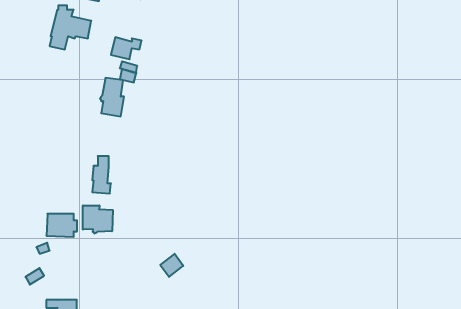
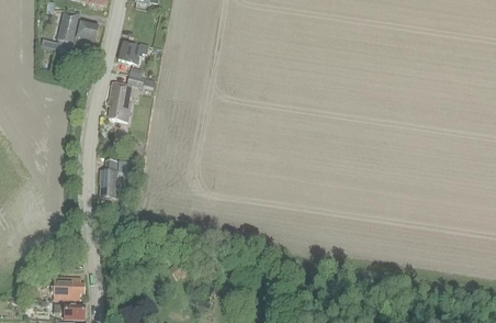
building: [83,205,113,234] -> none
building: [46,214,77,237] -> [54,276,84,299]

